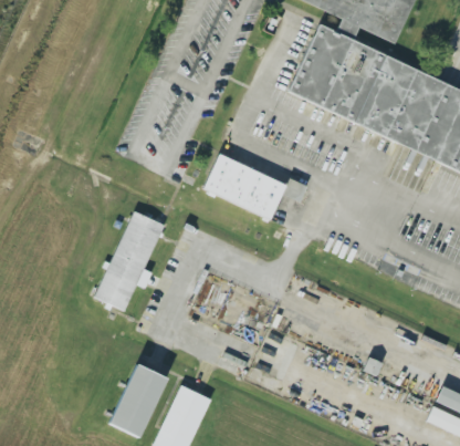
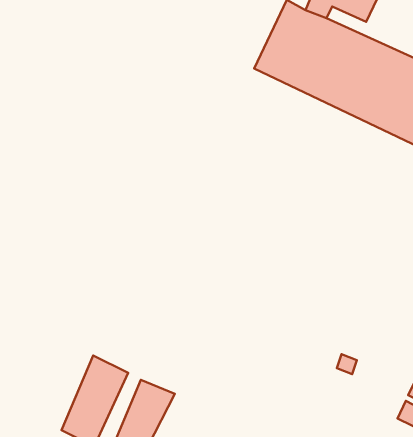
building: [202,152,289,219] -> none
building: [94,209,165,311] -> none

